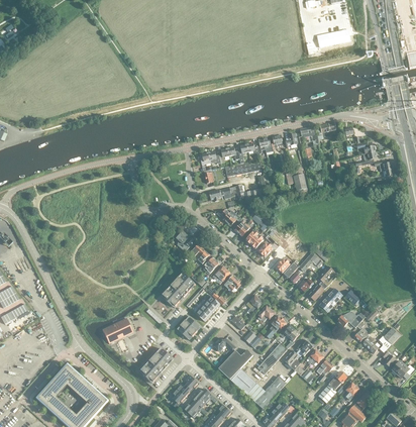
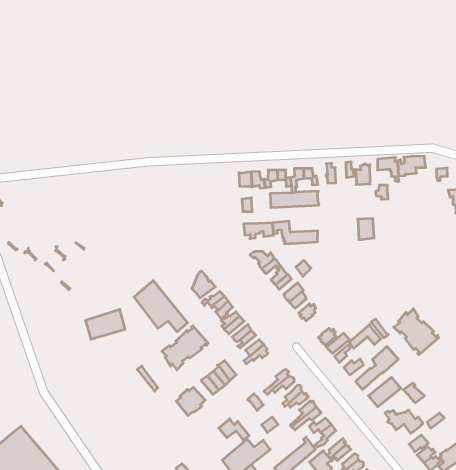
building: none -> [394,309,439,355]
building: none -> [134,281,188,332]
building: [102,317,132,342] -> [85,309,125,339]
building: [139,347,172,381] -> none

